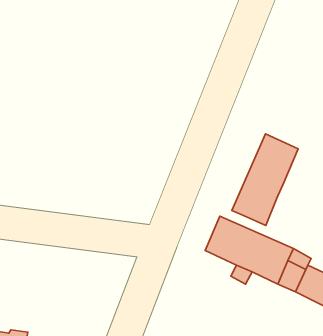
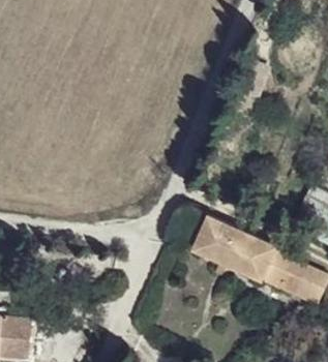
building: [232,134,298,226] -> none

